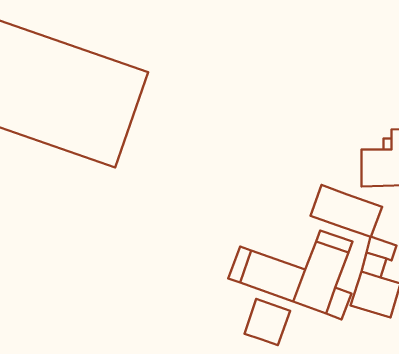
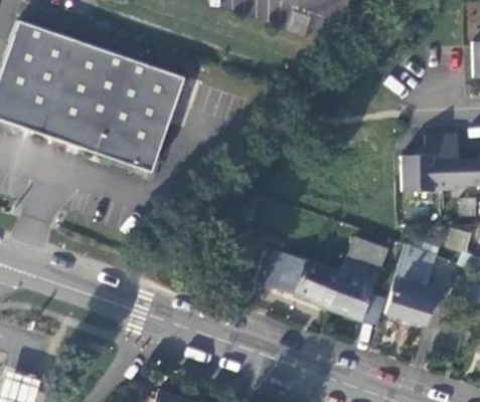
building: [310,185,382,237] -> none
building: [245,299,290,345] -> none

